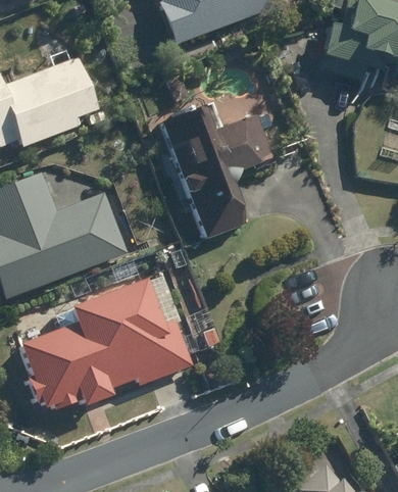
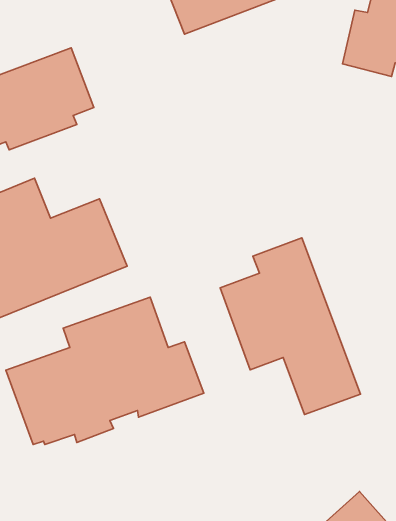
building: [162,107,276,242] -> none
building: none -> [220,238,360,415]

